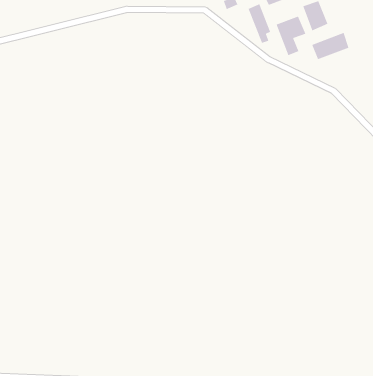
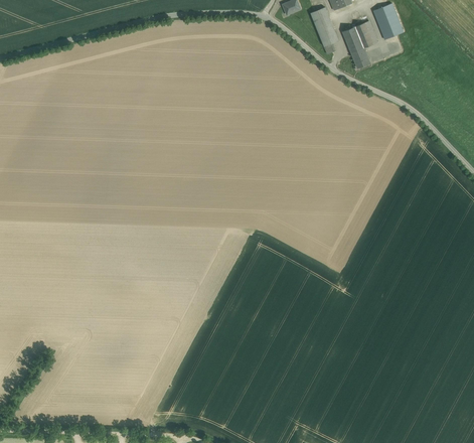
building: [311,32,350,60] -> none

